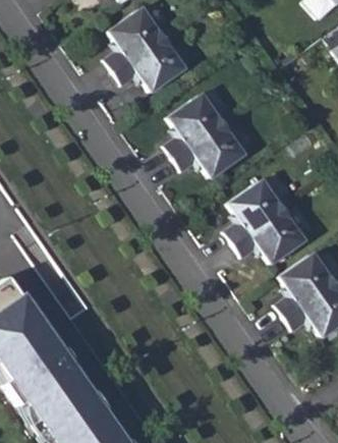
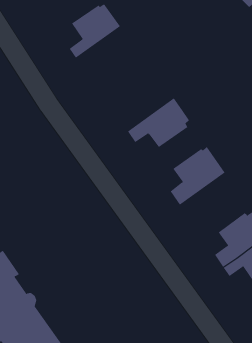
building: [114,37,185,93] -> none
building: [165,94,229,160] -> none
building: [235,208,306,265] -> none

